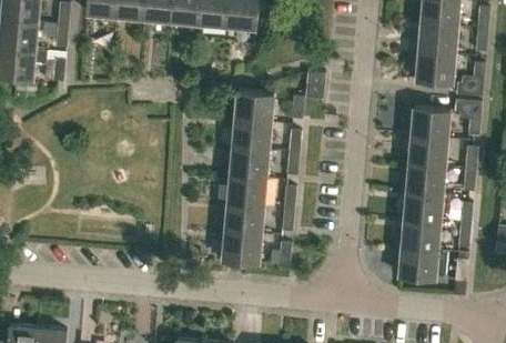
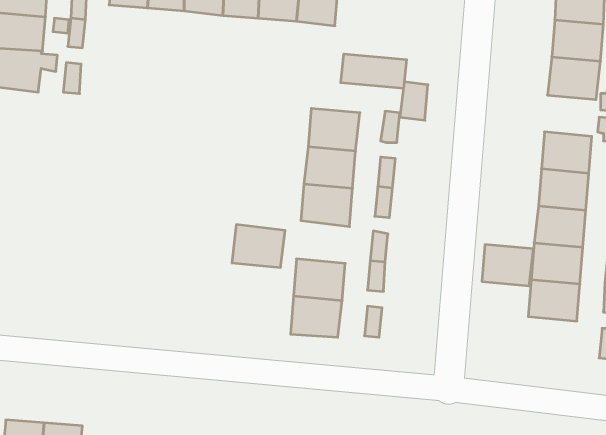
building: none -> [341,54,407,88]
building: [226,175,266,208] -> [232,225,285,267]
building: [398,248,437,279] -> [482,245,534,286]

